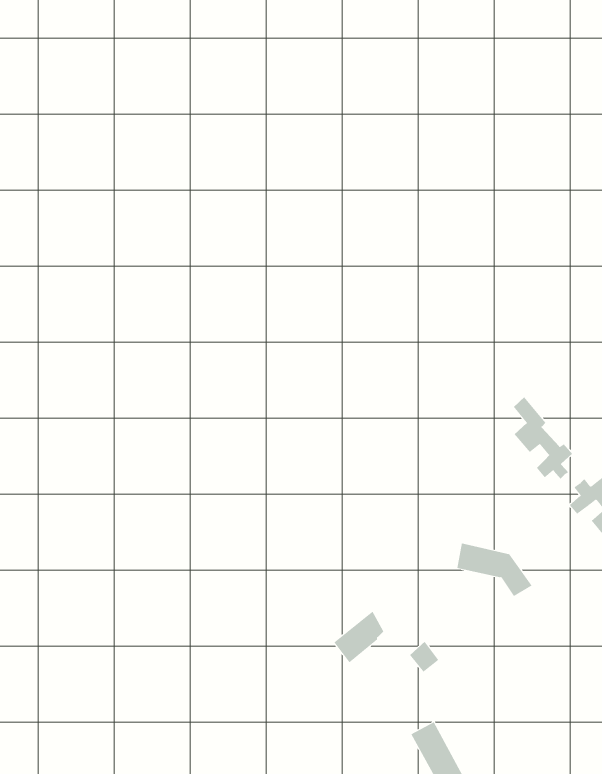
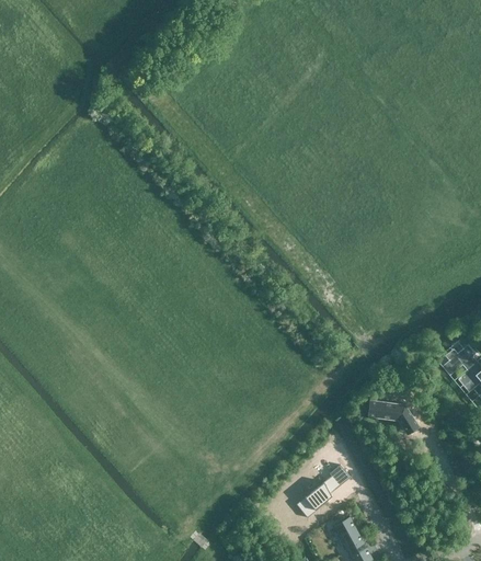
building: [513,397,573,479] -> none
building: [333,611,384,663] -> [300,480,335,516]

